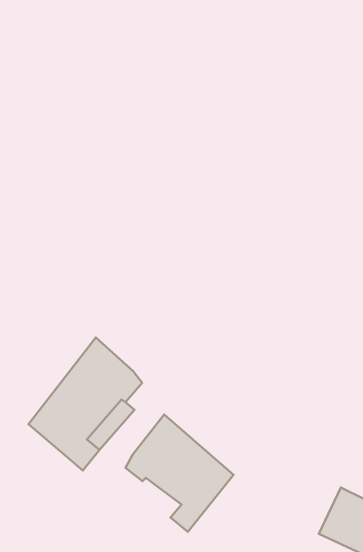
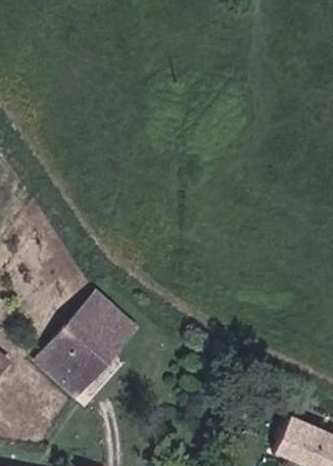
building: [125,414,233,532] -> none

